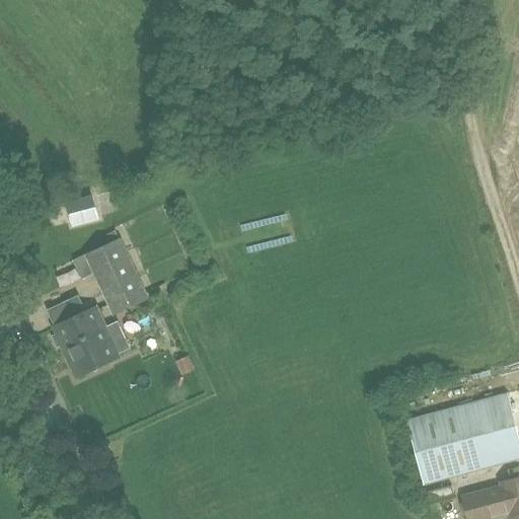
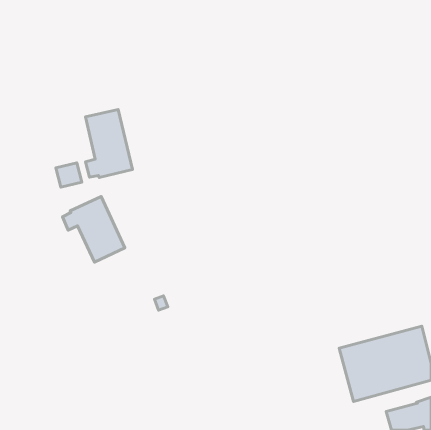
building: none -> [85,110,132,177]
building: [50,300,131,375] -> none

